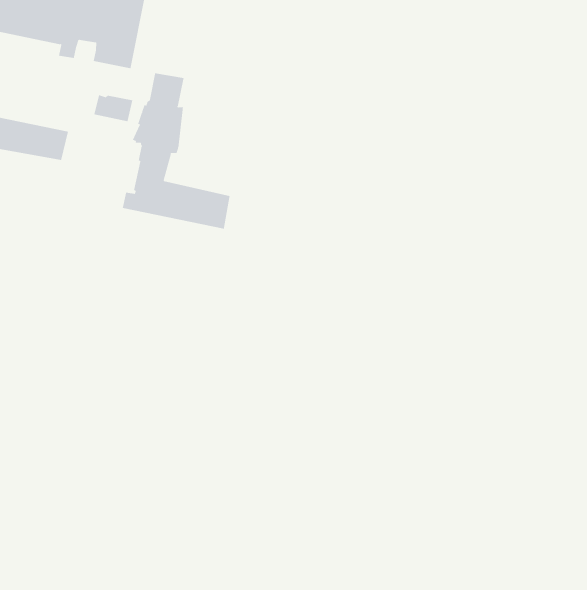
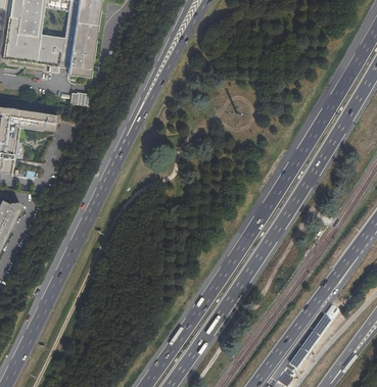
building: [122,72,230,229] -> none

